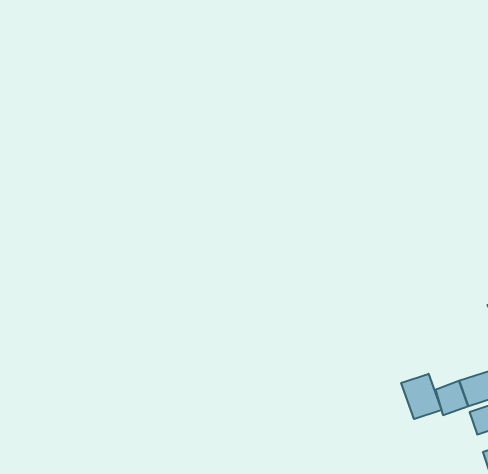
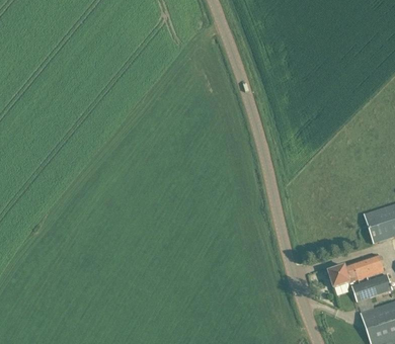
building: [401,374,441,419] -> none

